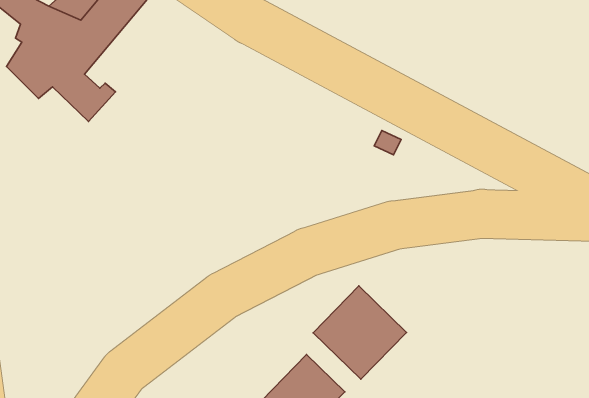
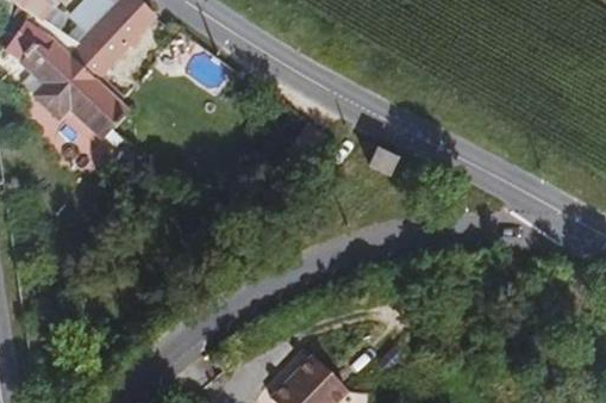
building: [313,286,406,379] -> none

